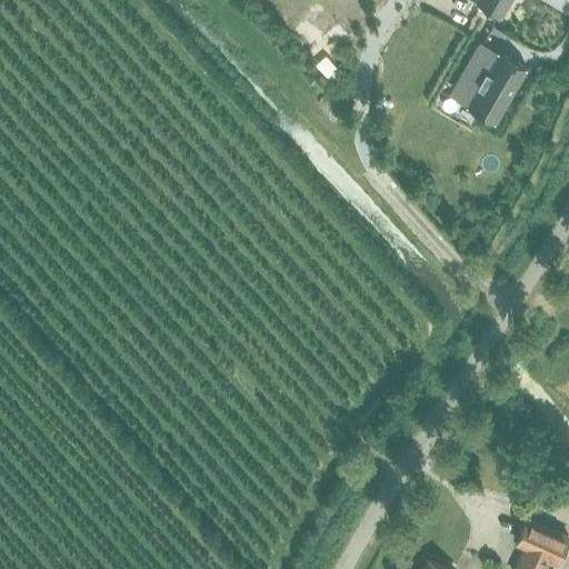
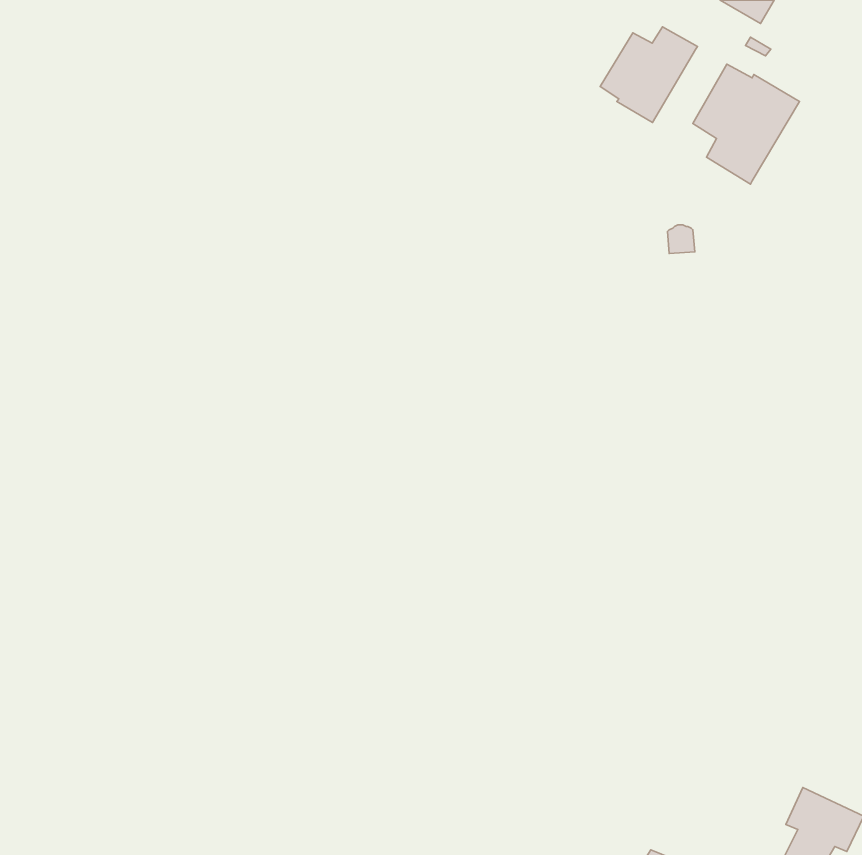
building: none -> [600,27,697,123]

